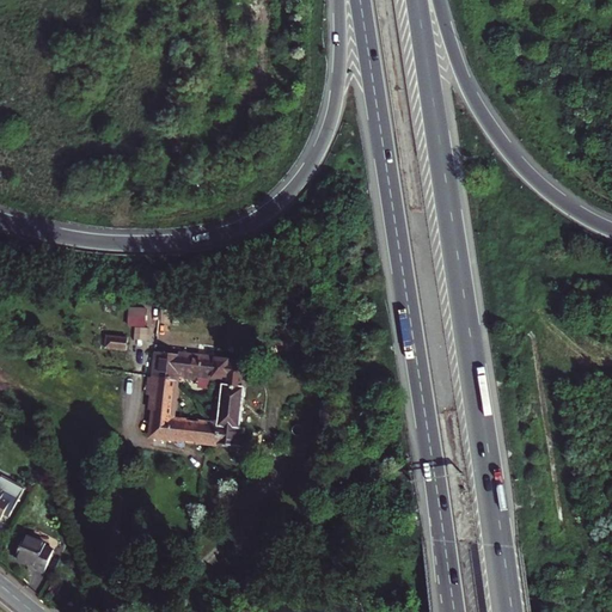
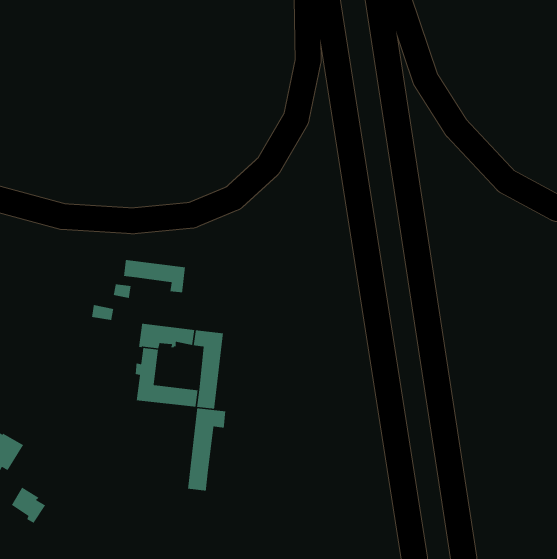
building: none -> [123,259,186,293]
building: none -> [187,408,226,491]

